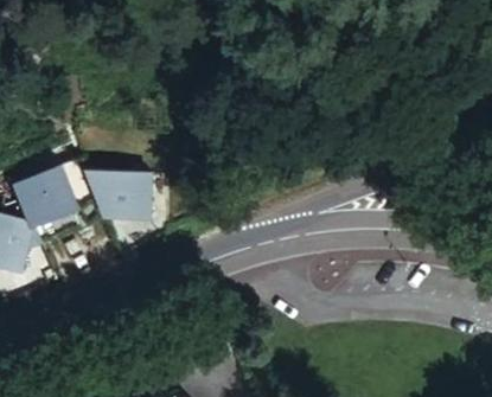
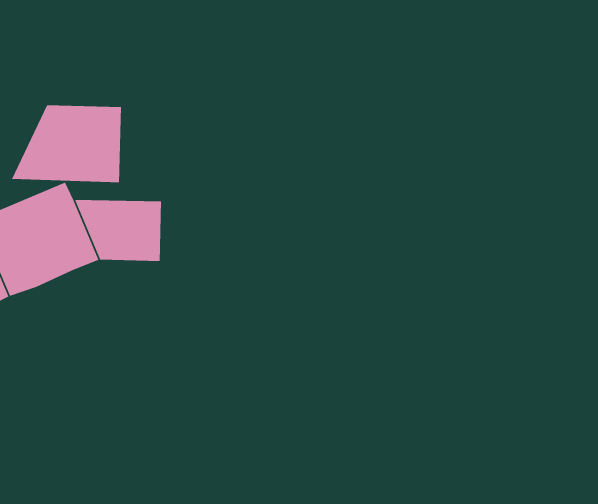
building: none -> [11,104,122,183]

